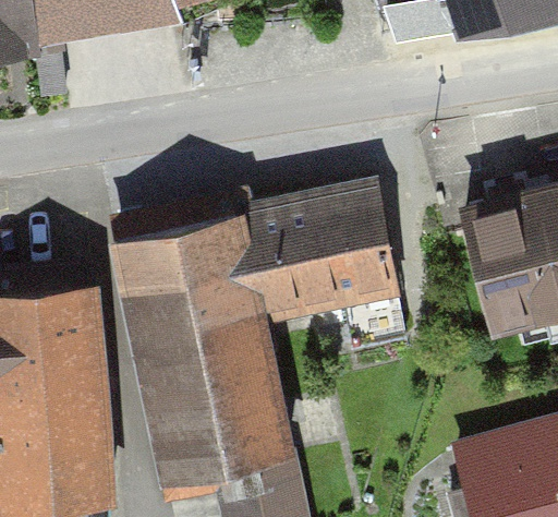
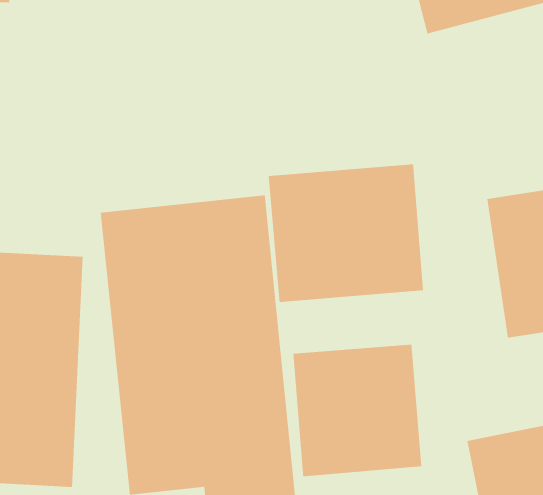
building: none -> [293,344,422,477]

